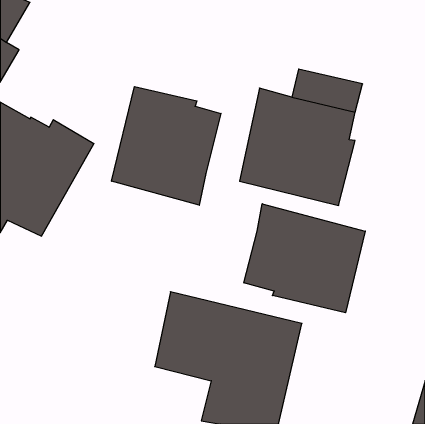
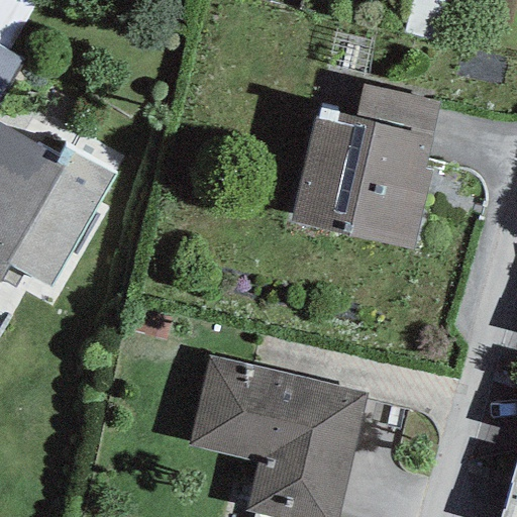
building: [112,87,221,205] -> none
building: [244,204,365,313] -> none

